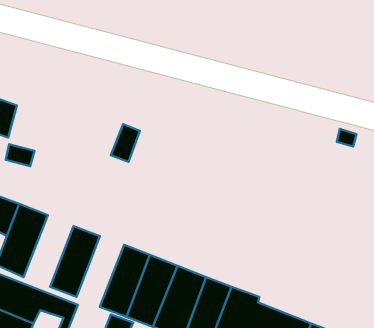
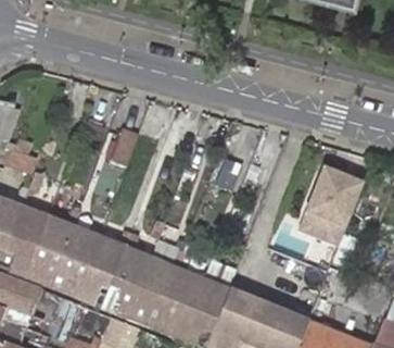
building: none -> [298,167,363,246]
building: none -> [25,219,74,289]
building: none -> [77,239,124,309]

